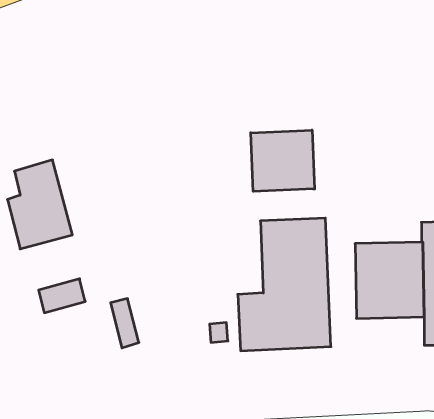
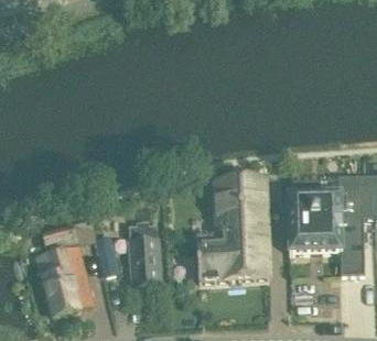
building: [251,130,315,191] -> none
building: [7,160,72,249] -> [42,244,93,314]
building: none -> [128,220,159,284]

